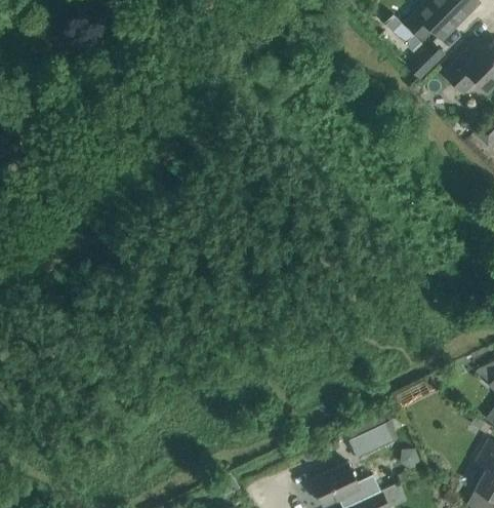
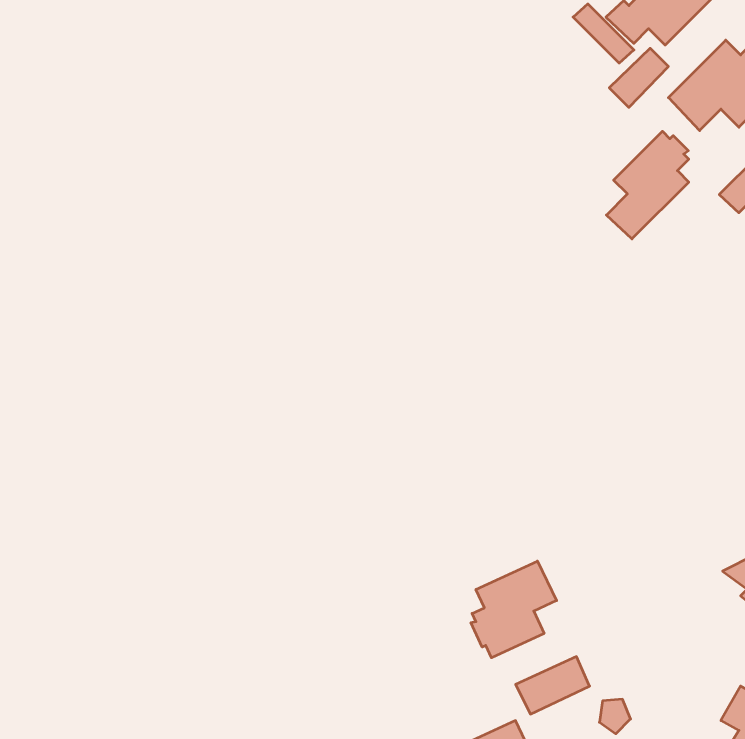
building: none -> [606,131,689,239]
building: none -> [471,561,557,658]

